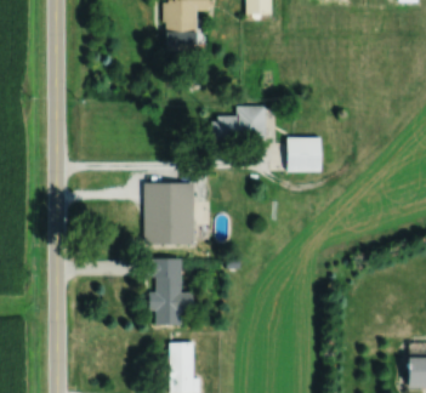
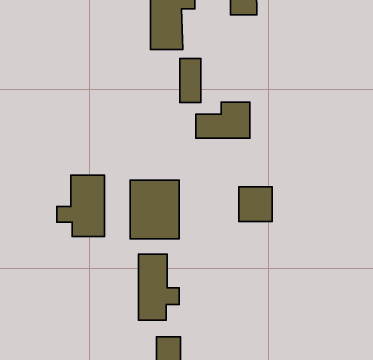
building: none -> [180,59,201,103]
building: [288,137,322,172] -> [239,187,272,222]
building: none -> [57,175,104,236]

